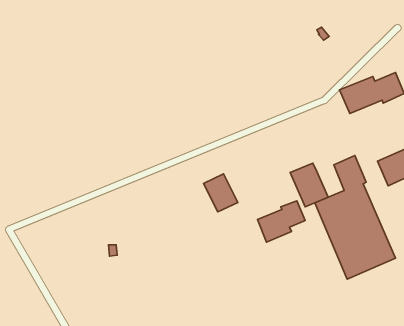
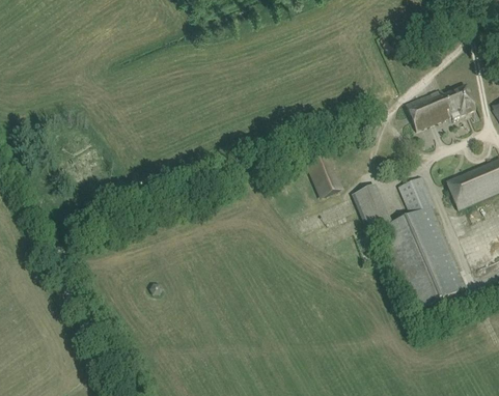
building: [204,174,238,212] -> [306,158,343,199]
building: [258,201,305,242] -> none

